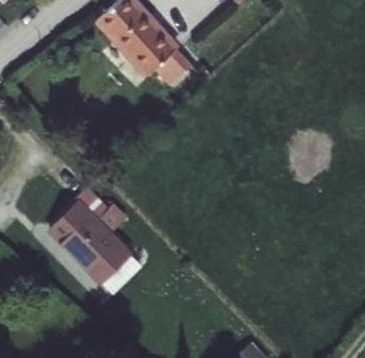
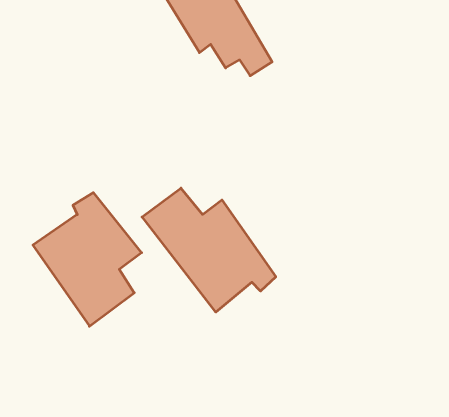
building: none -> [142,188,276,312]

